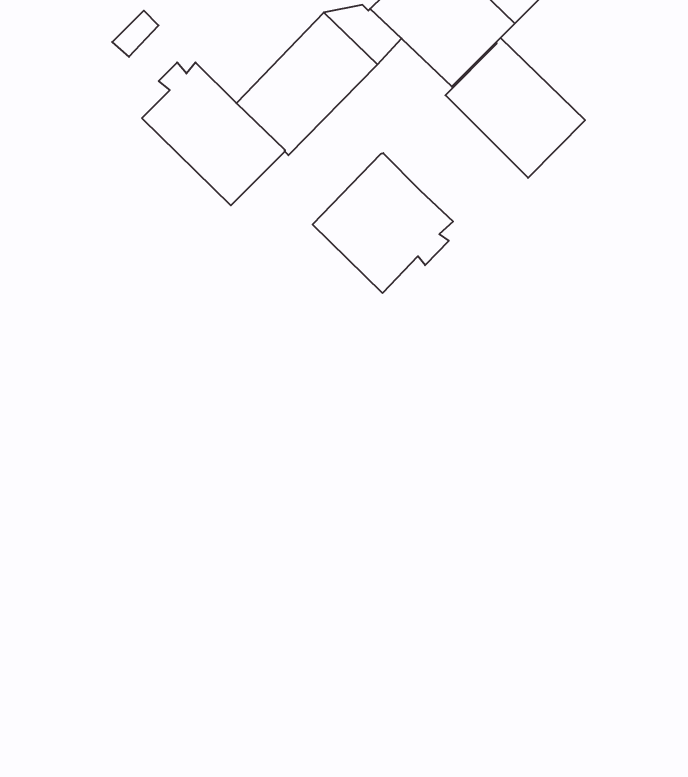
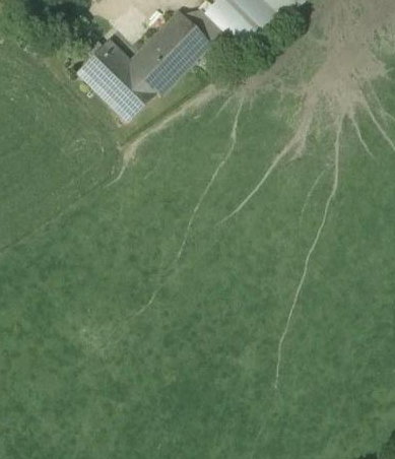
building: [445,38,585,178] -> none
building: [313,153,453,293] -> none

